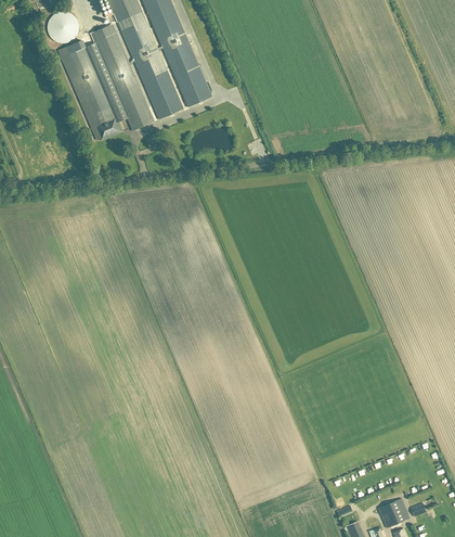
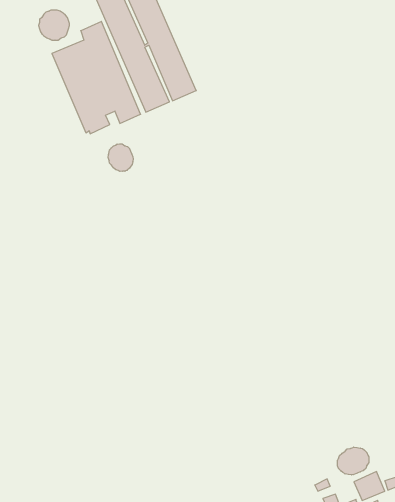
building: none -> [108,144,133,171]
building: none -> [337,447,369,475]

